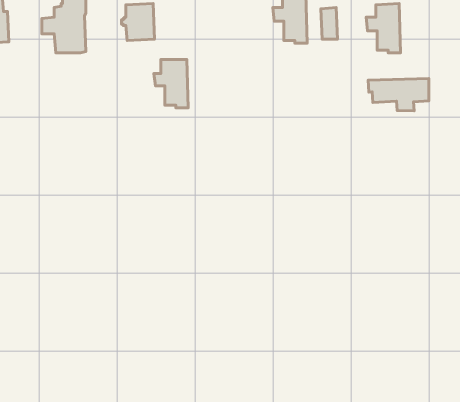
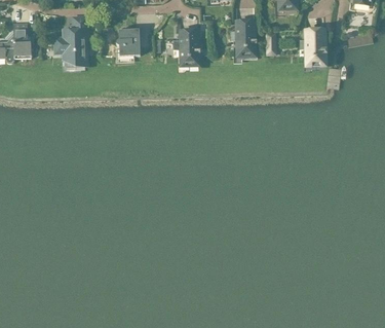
building: [154,60,188,108] -> [174,30,199,66]
building: [368,79,429,111] -> none

